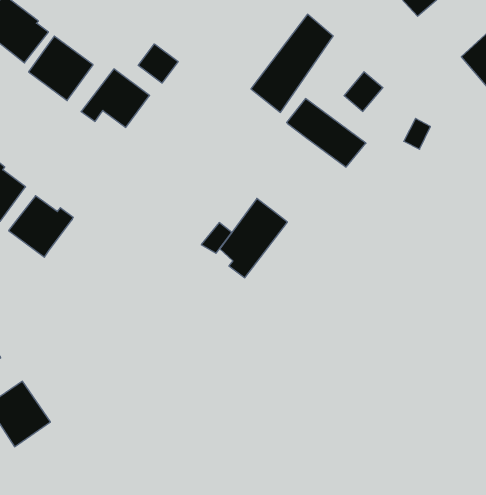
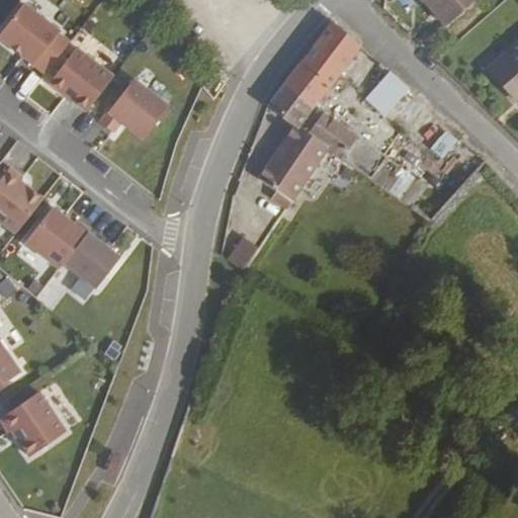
building: [138,44,178,83] -> none
building: [220,198,287,278] -> [259,122,328,203]
building: none -> [66,231,122,288]

